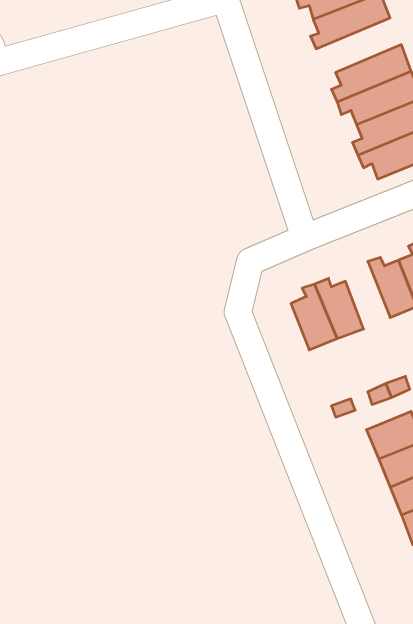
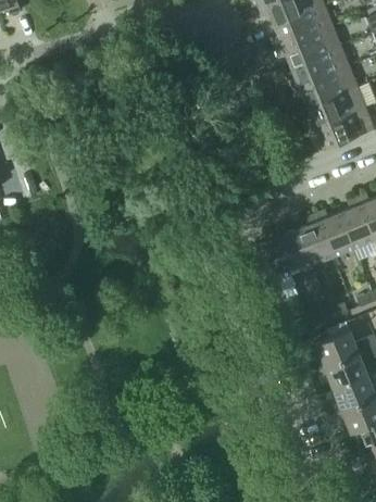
building: none -> [275,24,341,66]
building: none -> [298,213,333,265]

